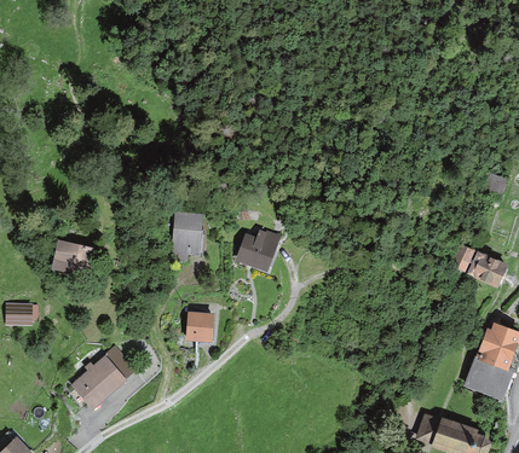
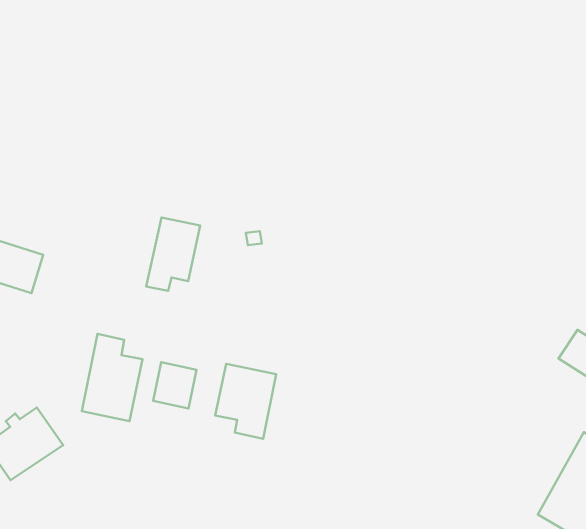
building: [236,230,279,271] -> none
building: none -> [82,334,142,421]
building: none -> [215,364,276,439]

